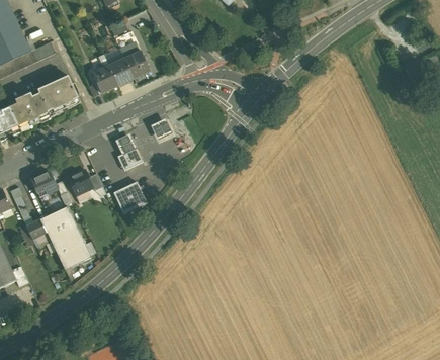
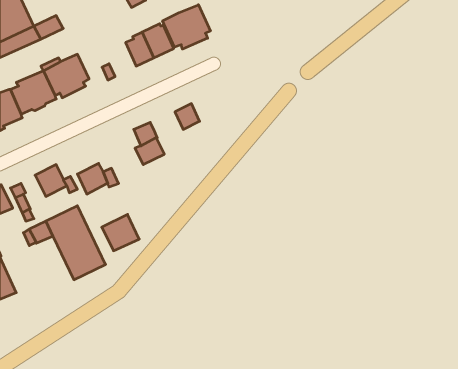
building: none -> [163,5,210,49]
building: [92,63,117,92] -> none
building: [113,181,146,212] -> [102,214,139,251]

